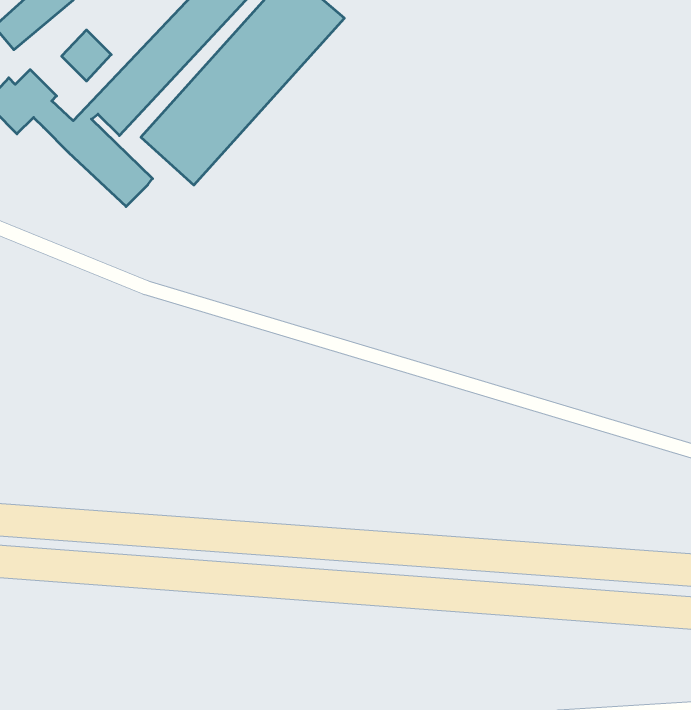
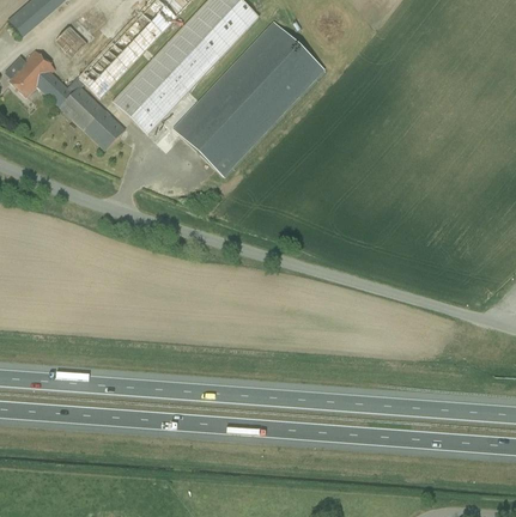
building: none -> [174,18,328,176]

